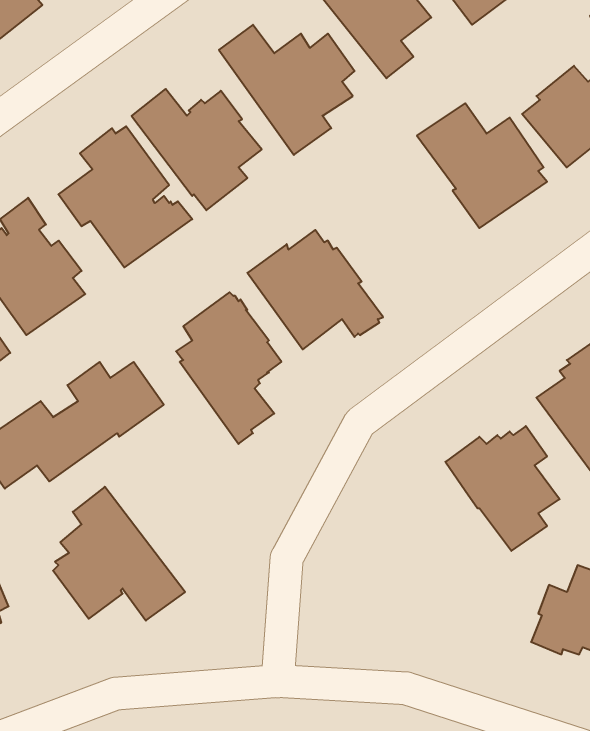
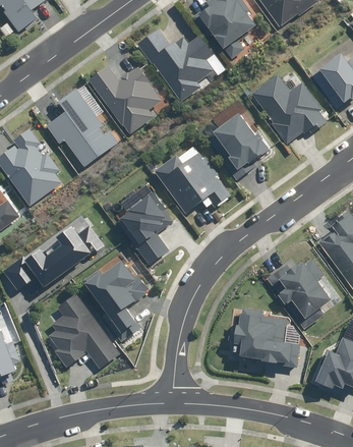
building: none -> [211,99,271,180]
building: none -> [81,252,148,341]
building: none -> [234,308,301,368]

